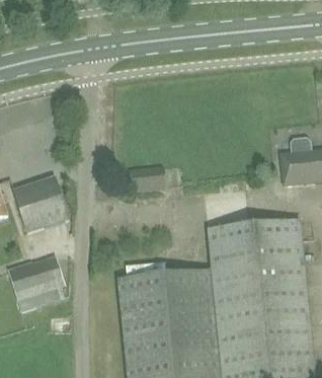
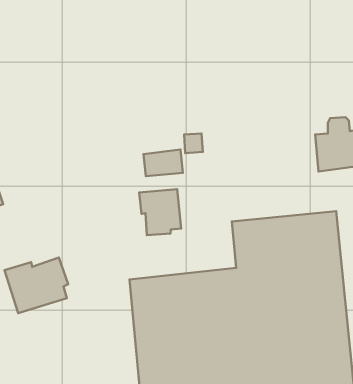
building: [14,176,69,232] -> none
building: none -> [139,189,181,235]

